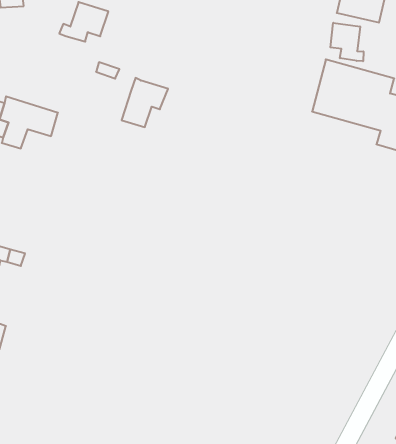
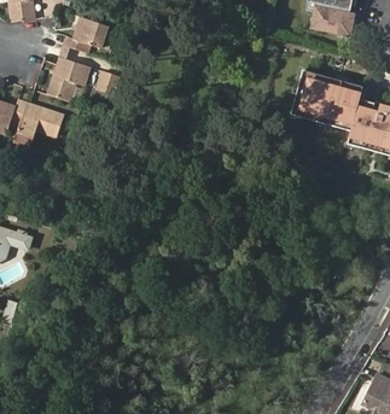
building: [330,23,363,61] -> none
building: [122,78,168,127] -> [48,57,89,100]

